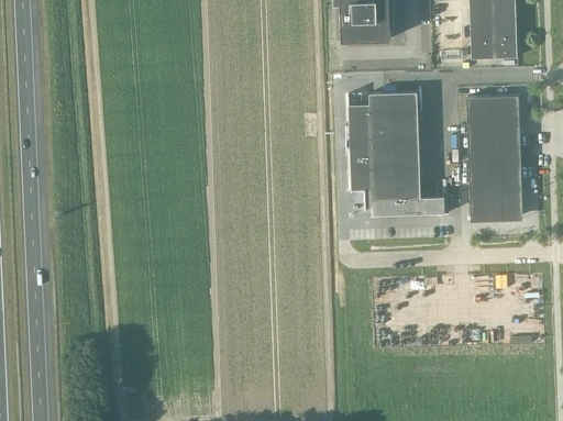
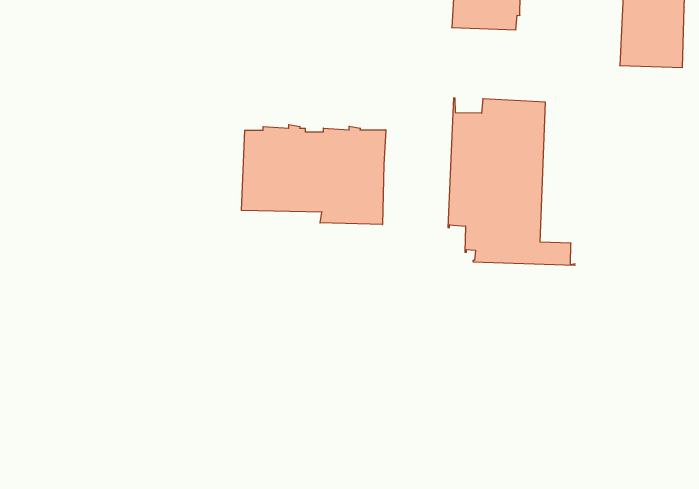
building: [466,96,521,222] -> none
building: none -> [241,125,386,225]

